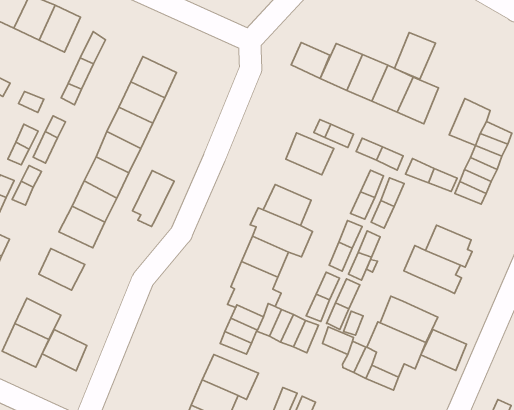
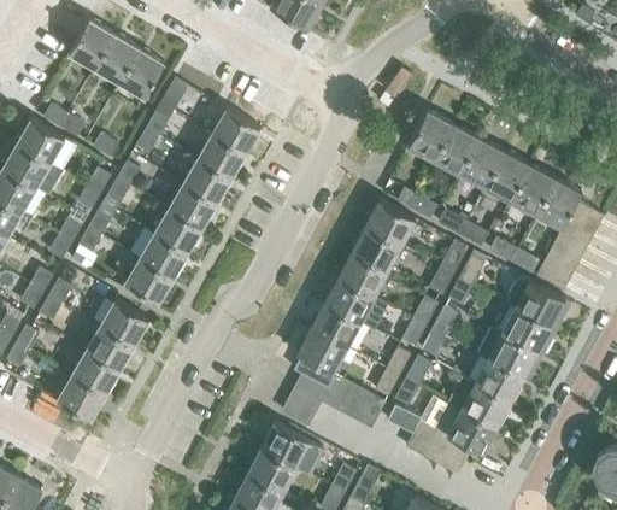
building: [395,32,436,79] -> [511,165,556,215]
building: [291,43,330,79] -> none
building: none -> [352,227,401,271]
building: [133,171,174,227] -> none
building: none -> [507,277,564,328]
building: [421,329,467,371] -> [475,358,523,403]
building: [42,329,87,371] -> [86,326,133,370]

